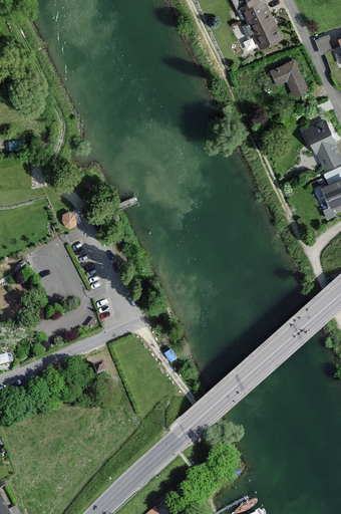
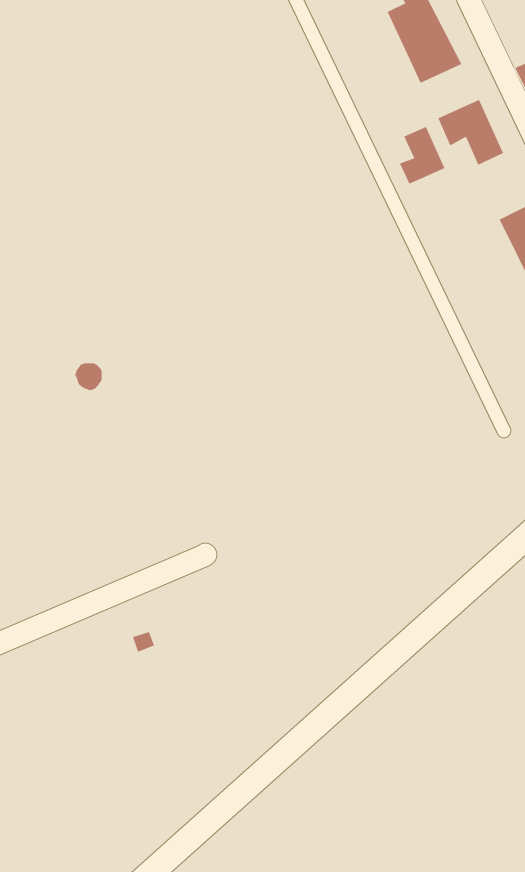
building: none -> [399,126,445,185]

